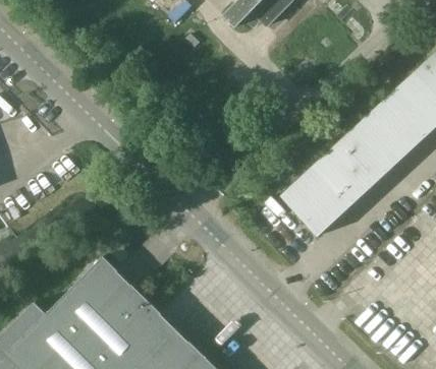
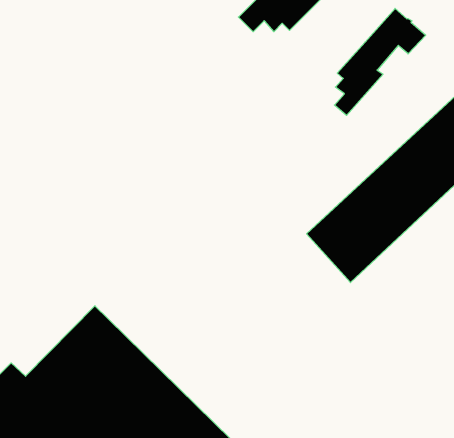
building: none -> [334,8,426,115]

